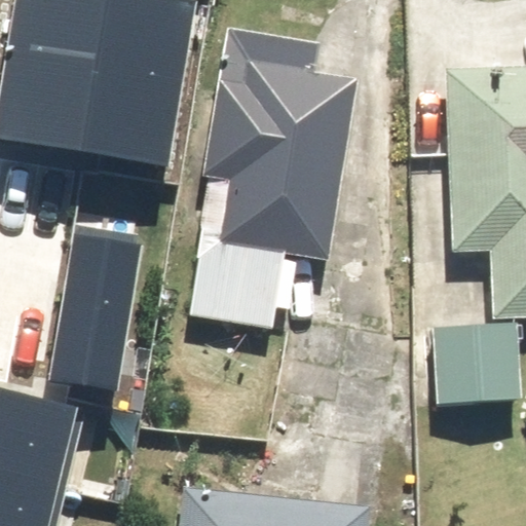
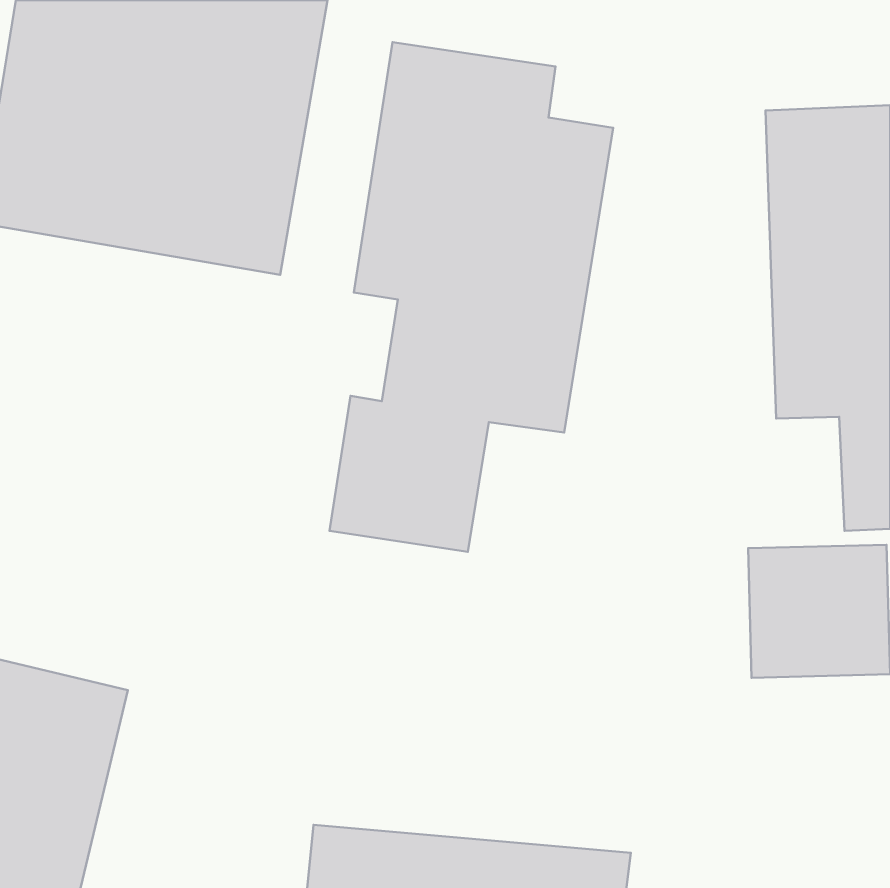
building: [41,231,140,391] -> none

